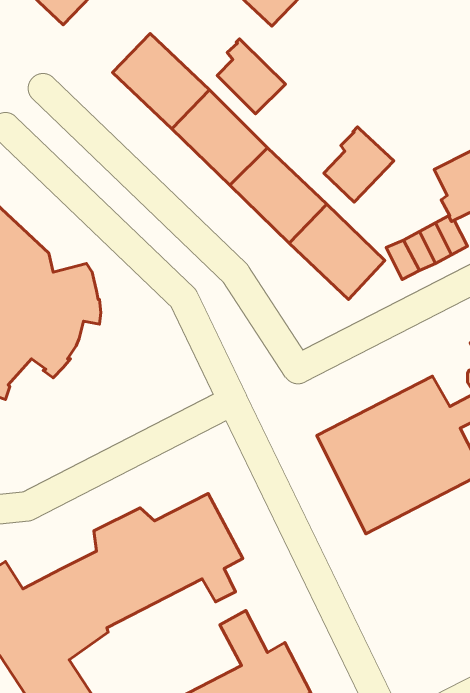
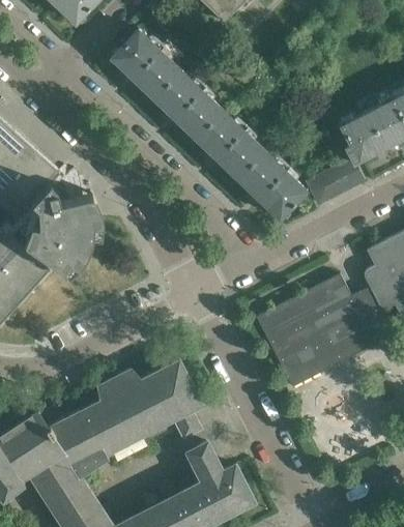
building: [217,39,286,114] -> none
building: [324,127,394,202] -> none

